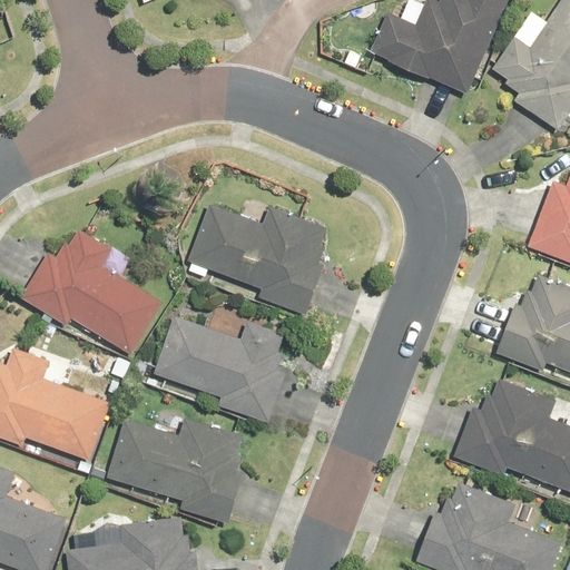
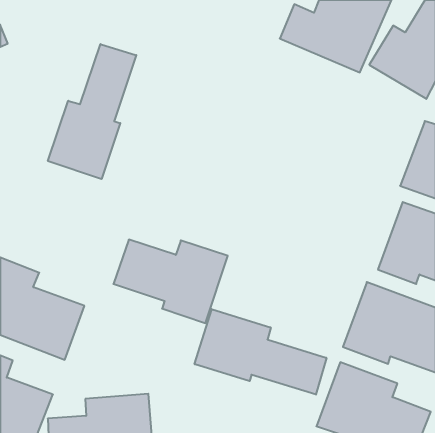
building: none -> [48,44,136,179]
building: [187,202,335,312] -> none
building: [14,220,168,361] -> none
building: none -> [195,309,326,395]
building: [104,415,255,524] -> none

